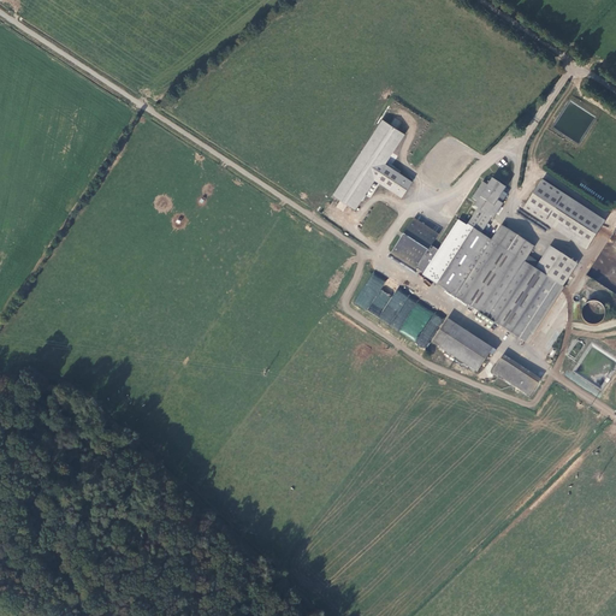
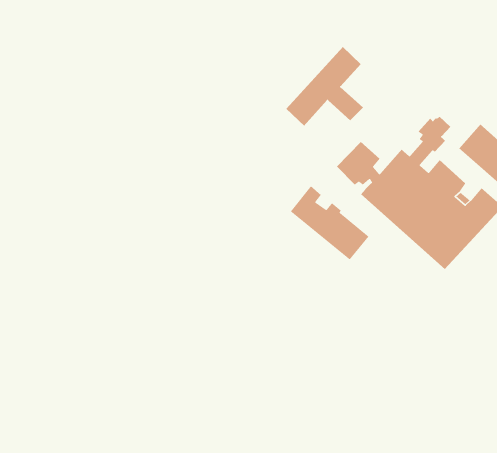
building: [432,319,493,372] -> none
building: [494,354,543,395] -> none

